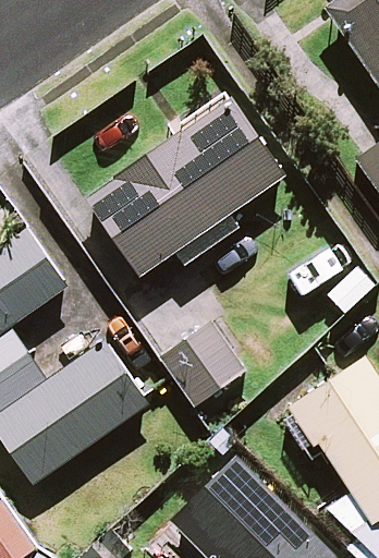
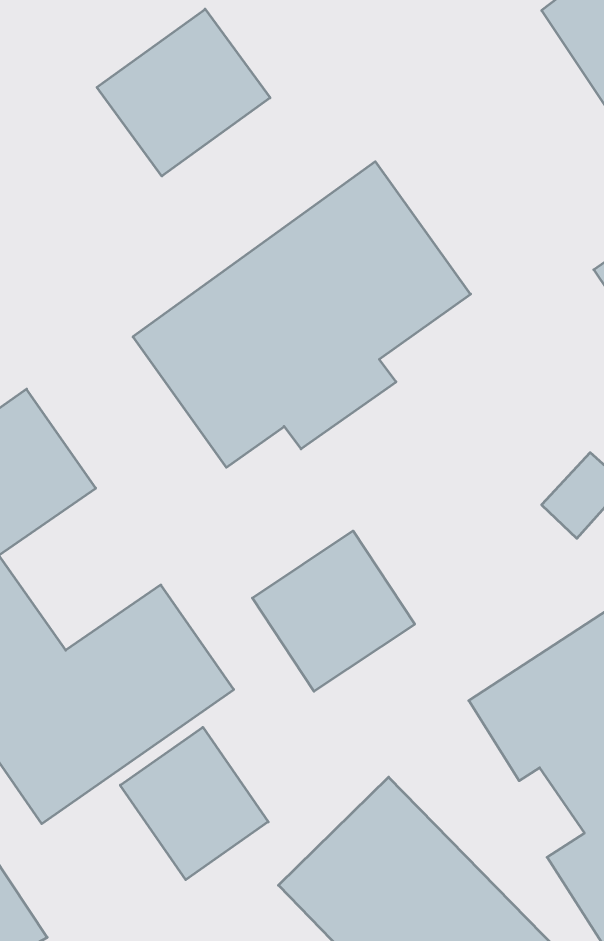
building: none -> [97,9,270,176]
building: none -> [120,727,268,880]

